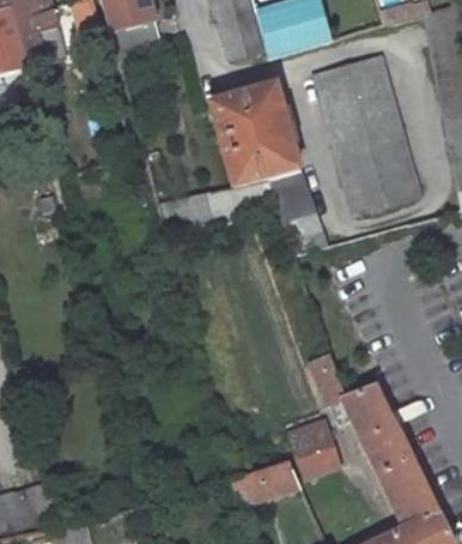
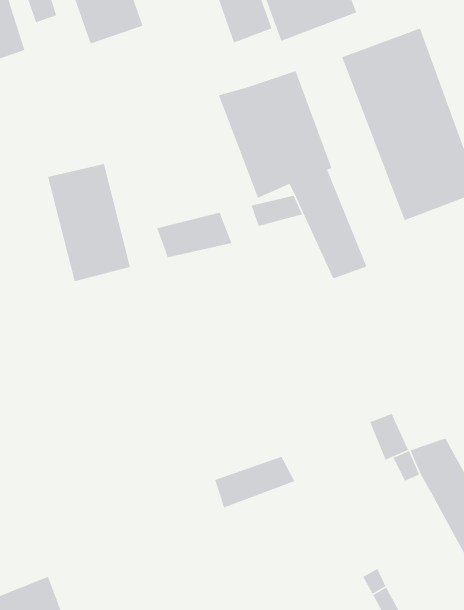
building: none -> [47,163,131,282]
building: [290,421,342,477] -> none
building: [231,459,297,498] -> [214,456,296,509]

